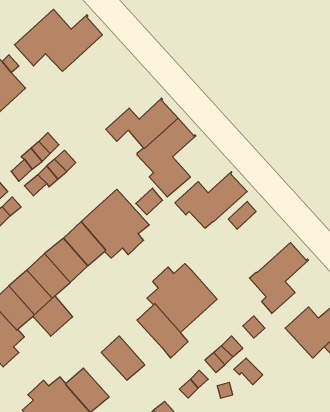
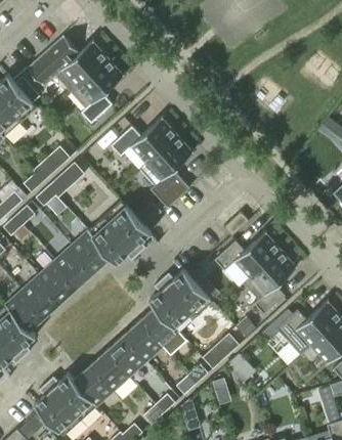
building: none -> [71,58,124,124]
building: [175,172,247,228] -> [214,231,281,283]
building: [33,296,73,336] -> none
building: none -> [123,321,163,362]
building: none -> [90,351,130,392]

